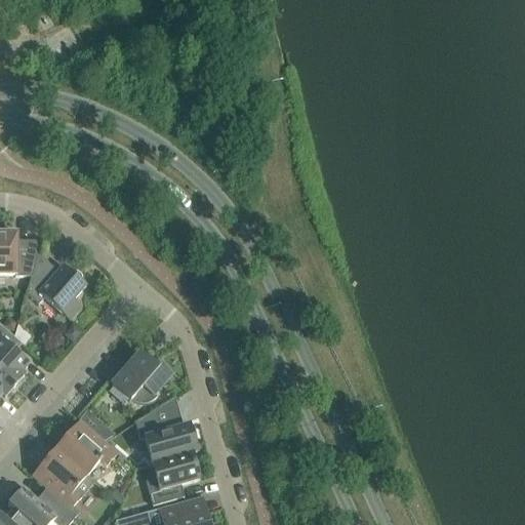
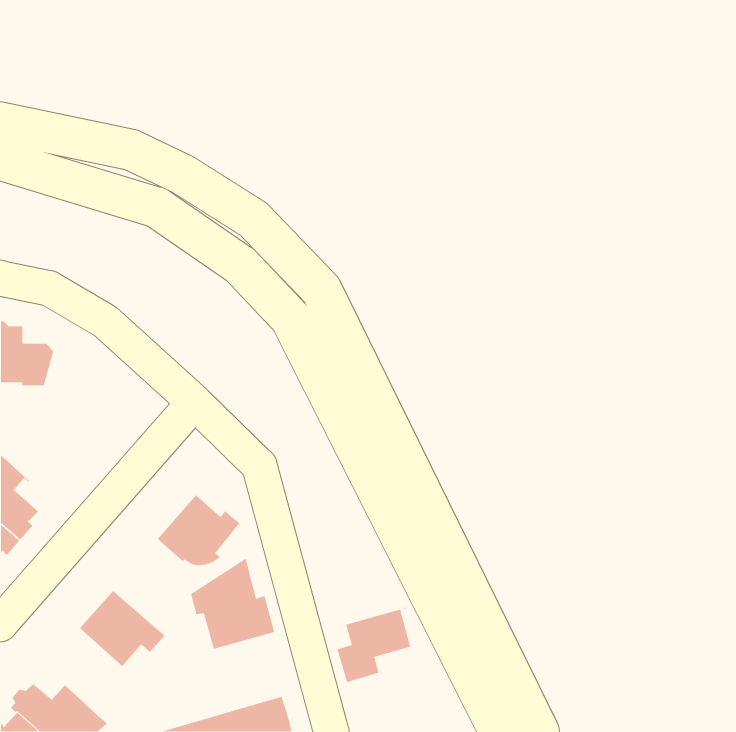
building: [27,252,86,319] -> none
building: [32,447,94,509] -> none
building: [146,450,199,504] -> [336,607,411,683]

